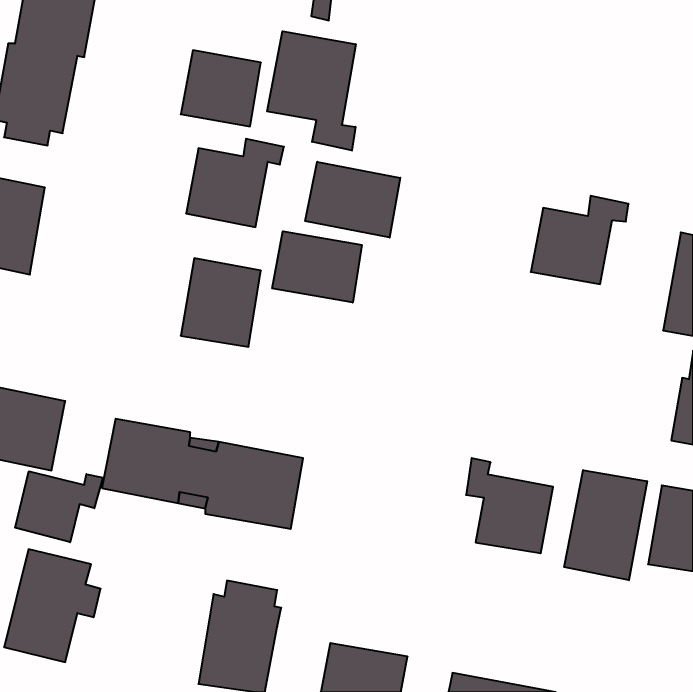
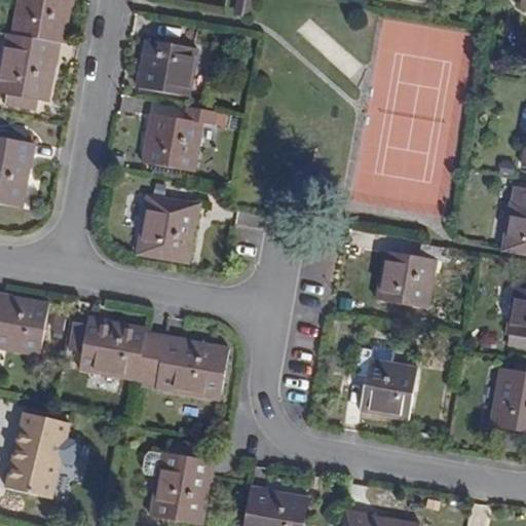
building: [267,31,356,151] -> none
building: [305,162,400,238] -> none
building: [531,196,629,284] -> [375,241,449,308]
building: [272,231,362,303] -> none
building: [564,470,647,580] -> none
building: [15,471,103,542] -> none

